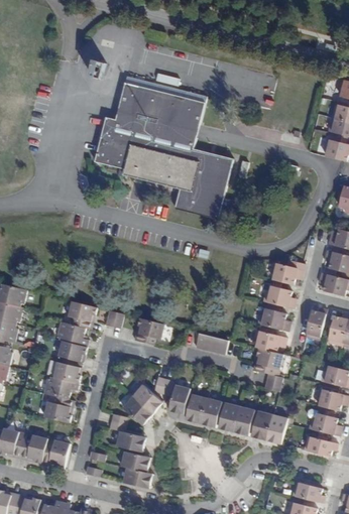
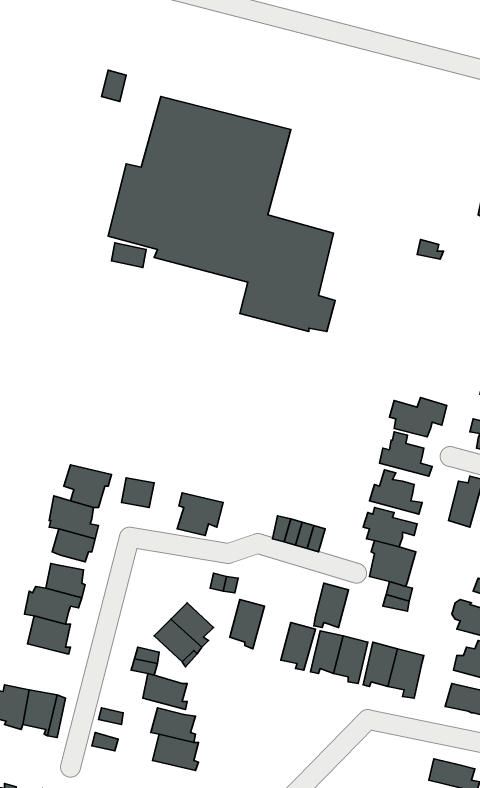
building: [187,394,208,421] -> [314,583,348,628]

